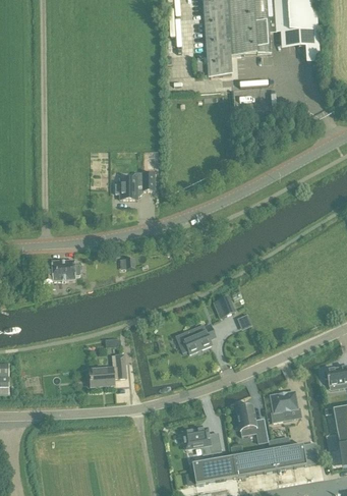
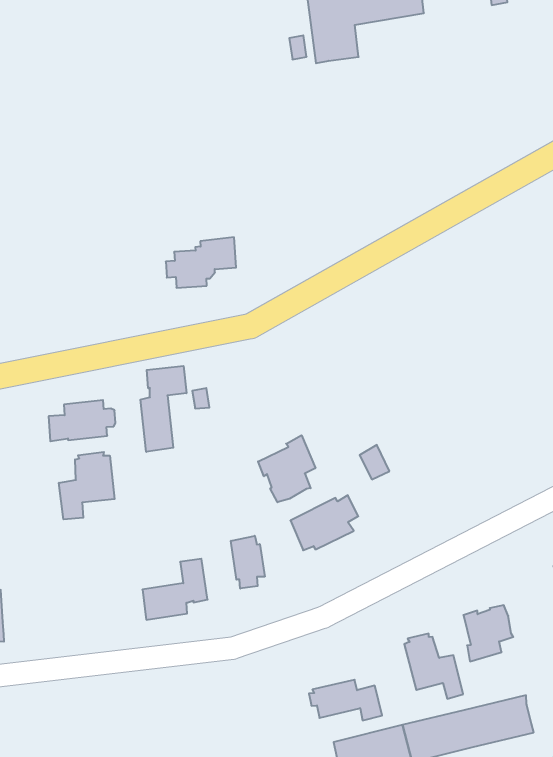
building: none -> [140,366,186,452]
building: none -> [258,435,315,502]
building: none -> [59,452,115,519]
building: none -> [231,536,265,589]

